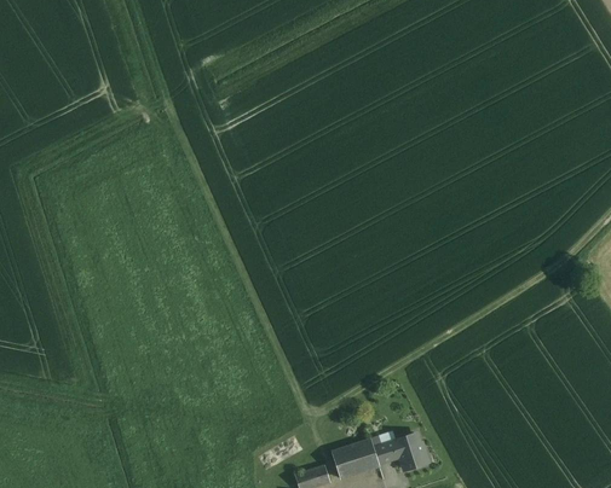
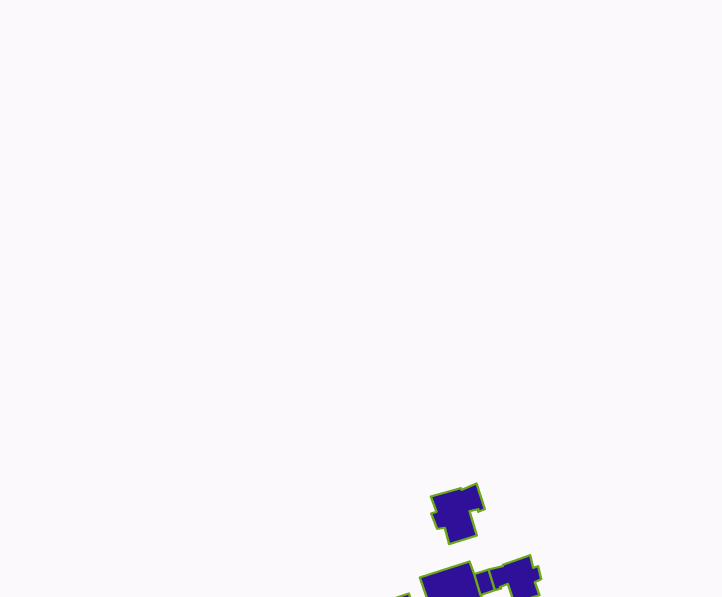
building: none -> [431,483,485,544]

